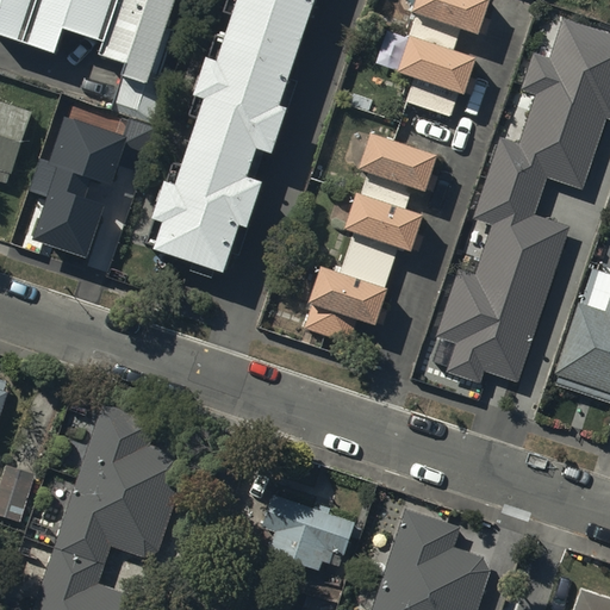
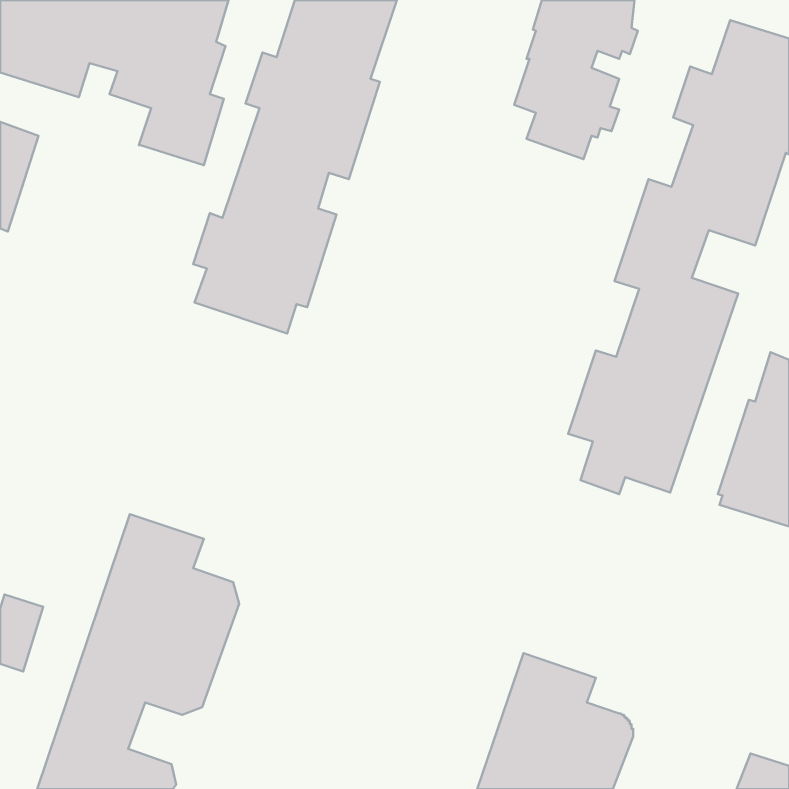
building: [32,116,125,256] -> none
building: [304,135,440,348] -> none
building: [260,487,351,562] -> none

